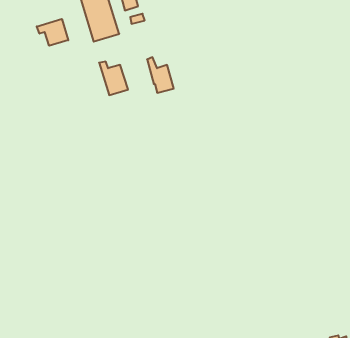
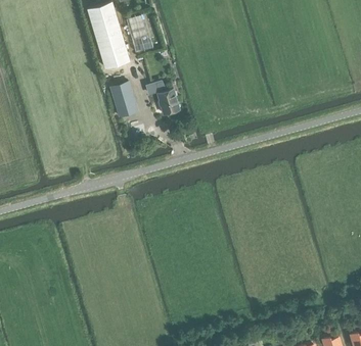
building: [37,19,68,46] -> none

